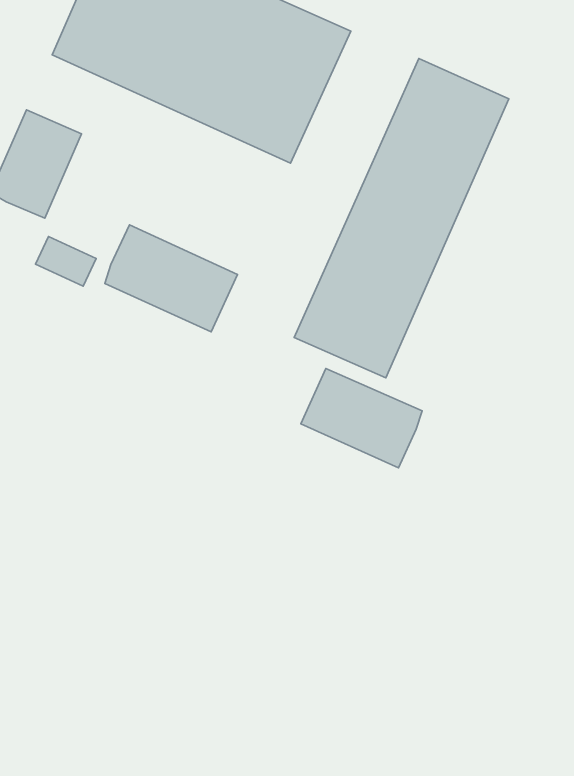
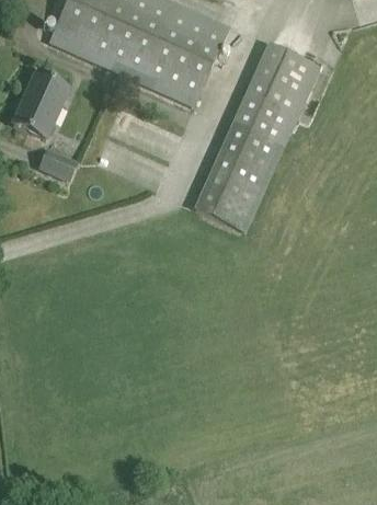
building: [105,225,238,332] -> none
building: [301,369,422,468] -> none

